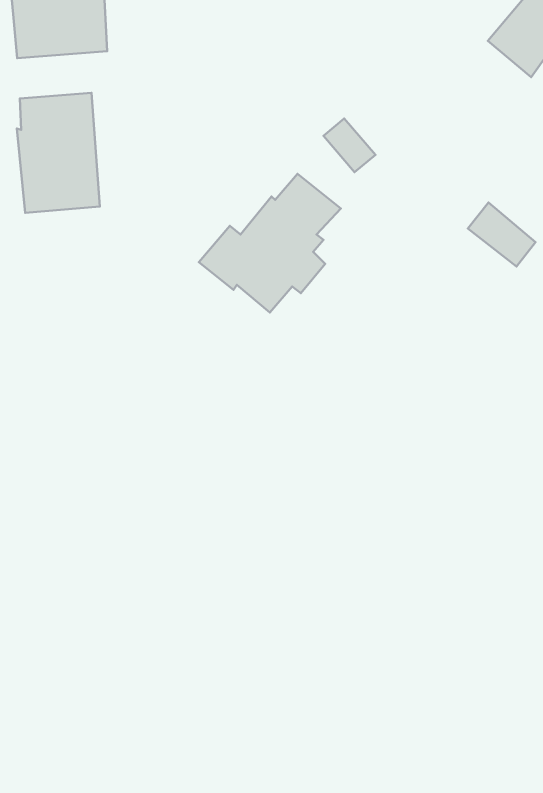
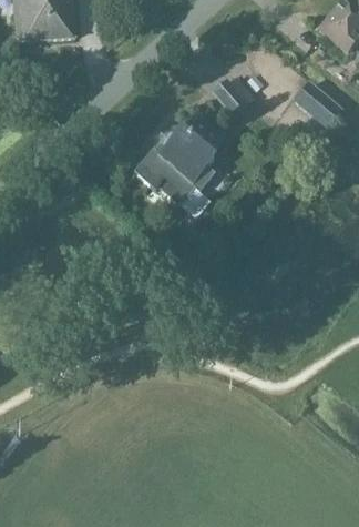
building: [17,93,100,213] -> none
building: [468,202,535,266] -> [296,82,339,123]

